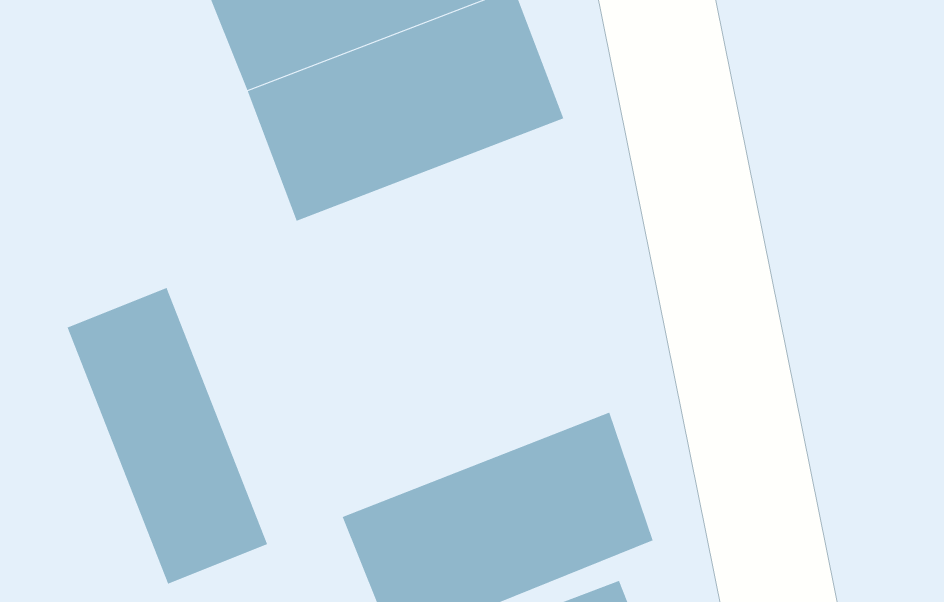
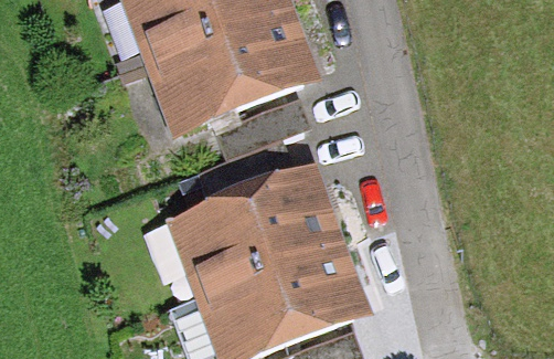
building: none -> [166,165,343,297]
building: [67,287,268,585] -> none

